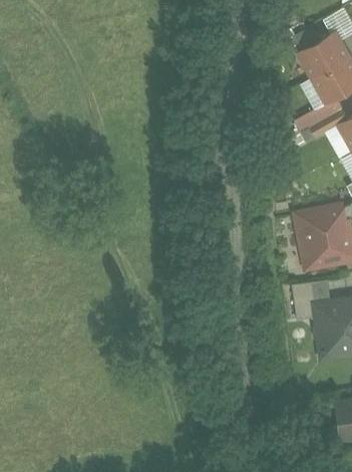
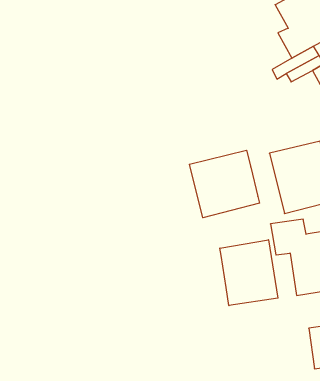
building: none -> [189,150,259,218]
building: none -> [220,240,278,306]

